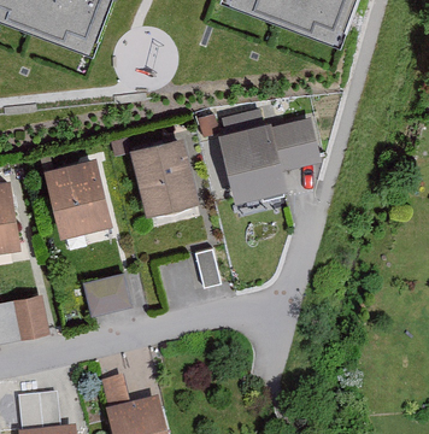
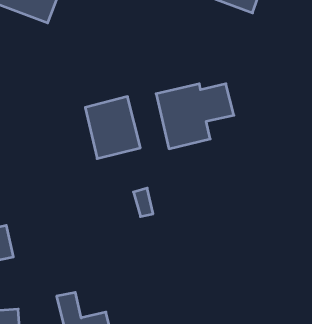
building: [42,156,112,235] -> none
building: [81,272,127,311] -> none

